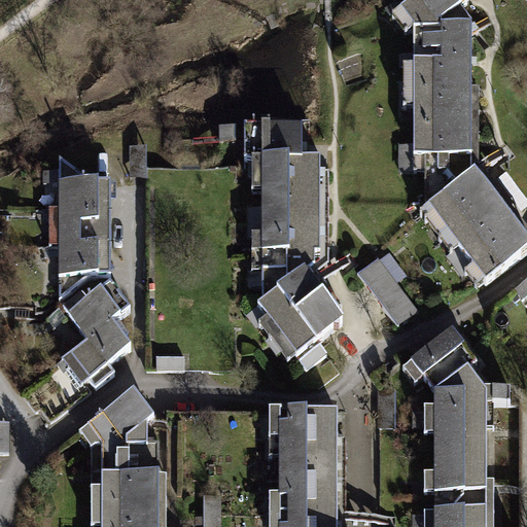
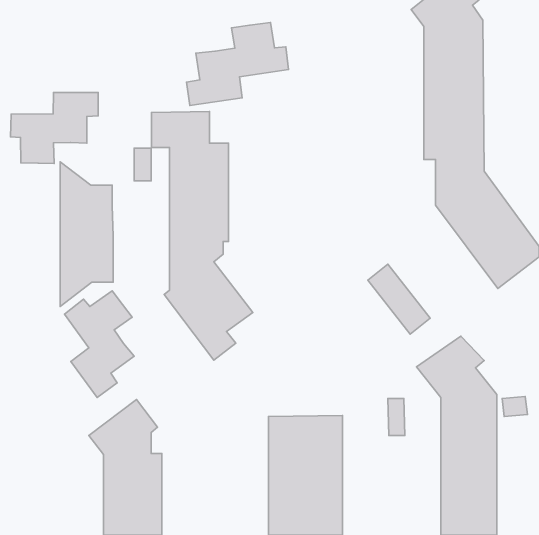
building: none -> [187,23,288,105]
building: none -> [11,93,98,163]
building: [244,126,343,367] -> [151,112,253,360]

